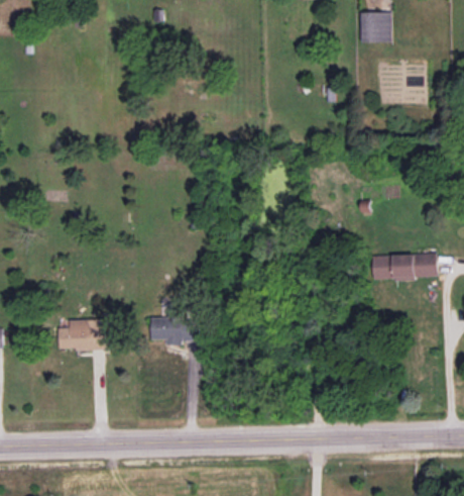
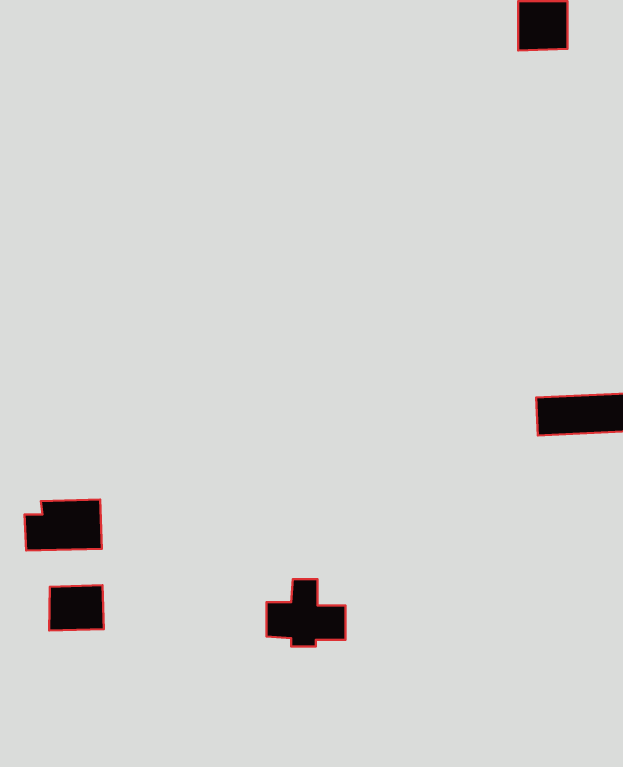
building: [150,304,199,345] -> [266,579,345,646]
building: none -> [49,585,104,631]

